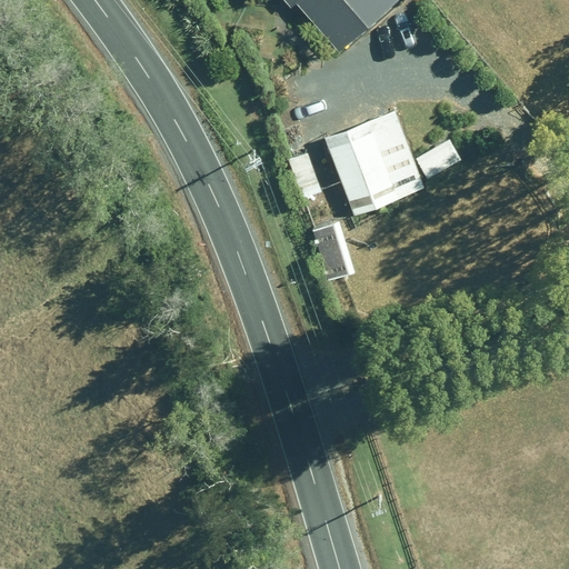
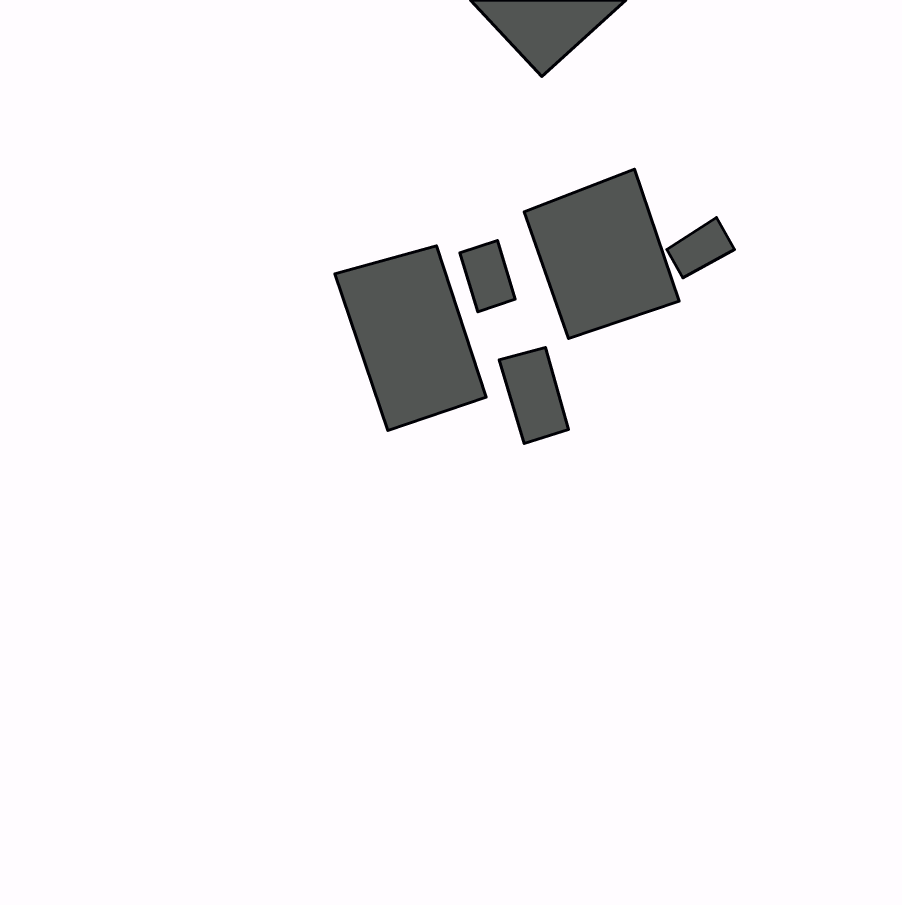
building: none -> [335,246,486,430]

